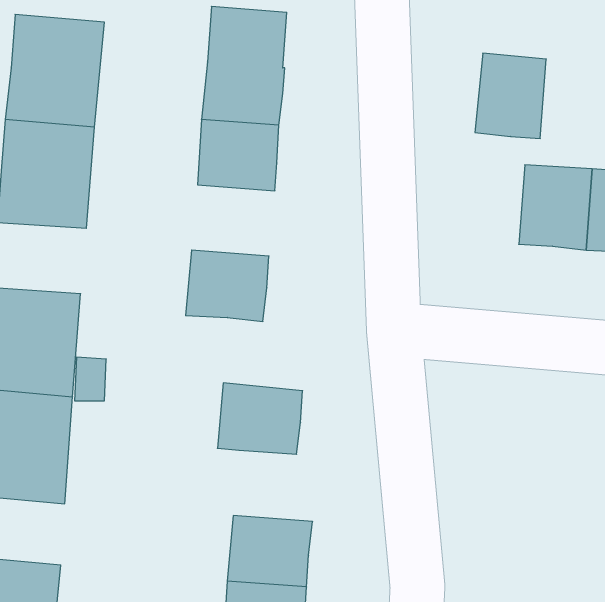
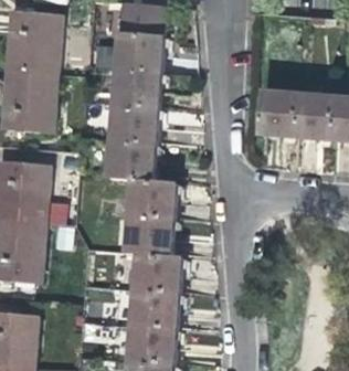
building: [475,53,546,138] -> [256,91,296,138]
building: none -> [110,105,157,145]
building: none -> [128,179,176,220]
building: none -> [134,253,180,293]

